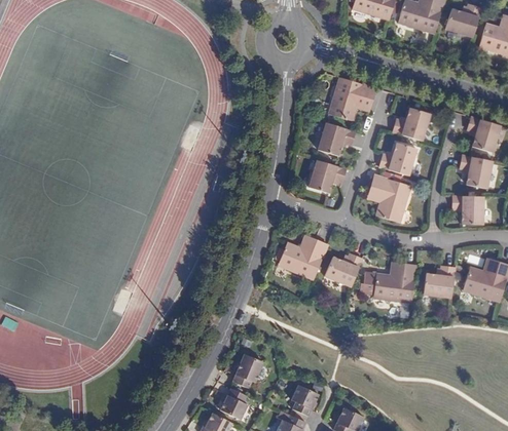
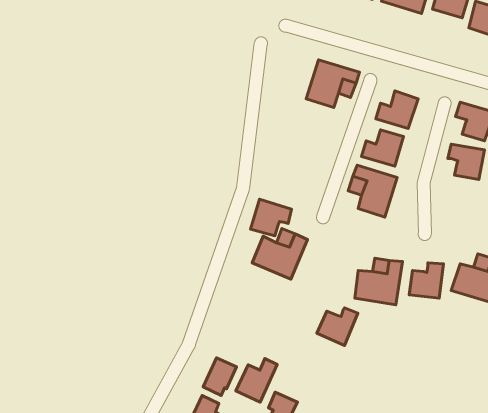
building: [317,122,356,155] -> none
building: [307,159,346,193] -> [251,199,292,236]
building: [452,195,483,224] -> none
building: [324,252,362,287] -> [317,308,358,345]
building: none -> [236,359,277,402]

